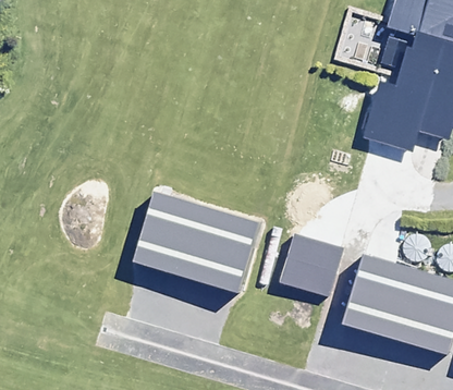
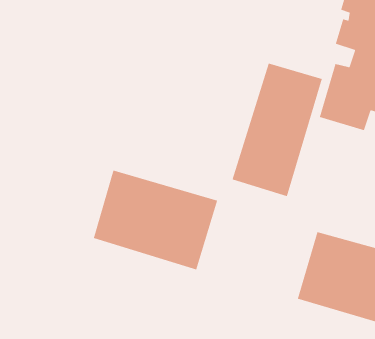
building: none -> [231,62,323,197]
building: [280,233,345,297] -> none

